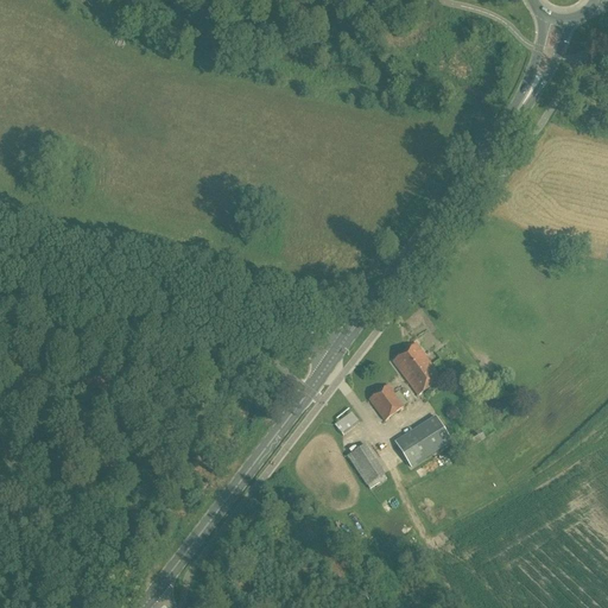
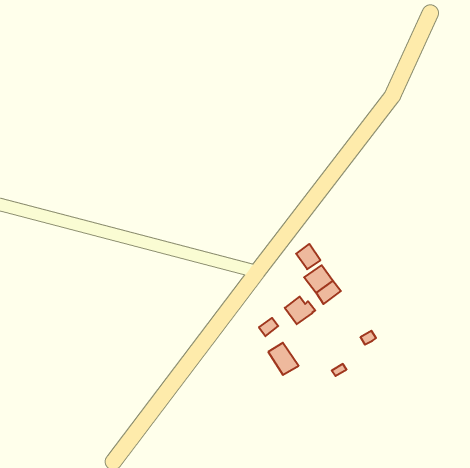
building: none -> [296,244,320,269]
building: [393,414,451,467] -> none

